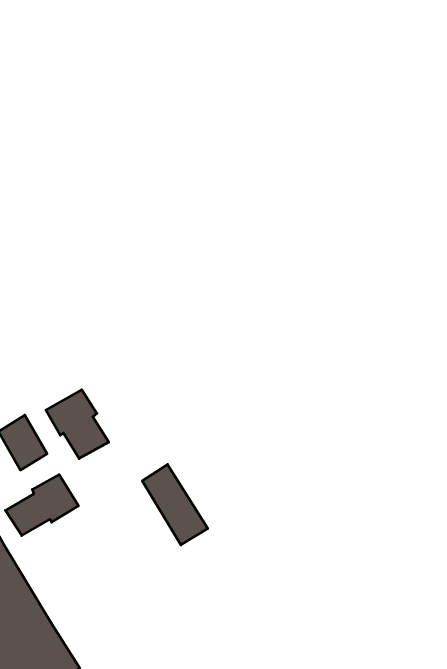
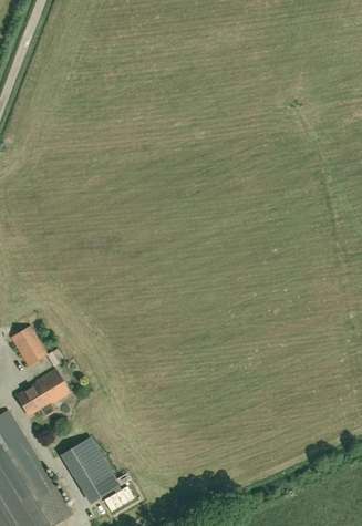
building: [46,390,109,459] -> none
building: [142,464,208,545] -> [69,437,117,497]

